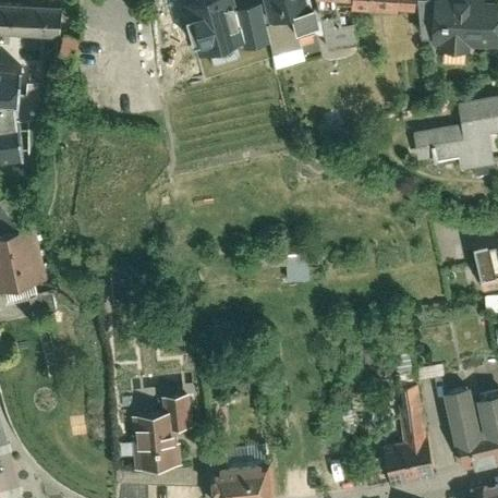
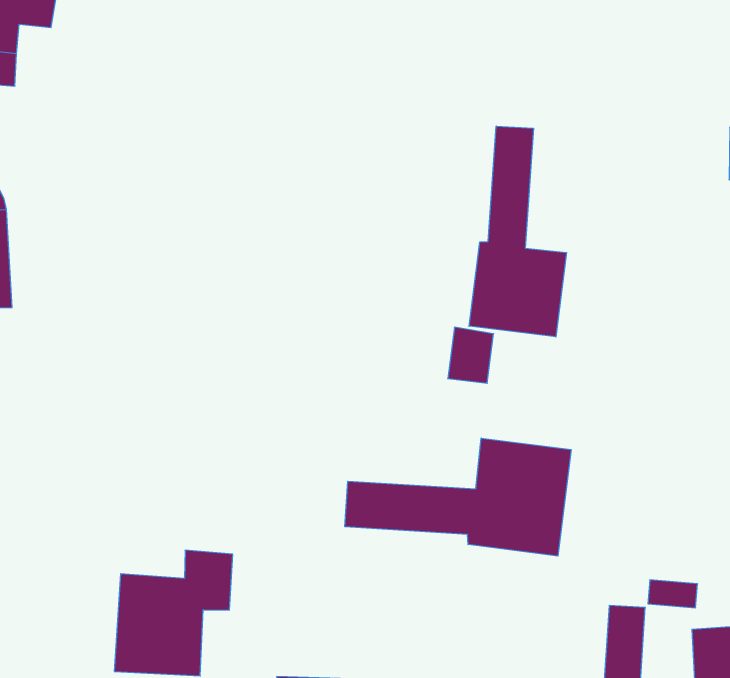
building: none -> [469,126,567,337]
building: none -> [345,438,571,556]

